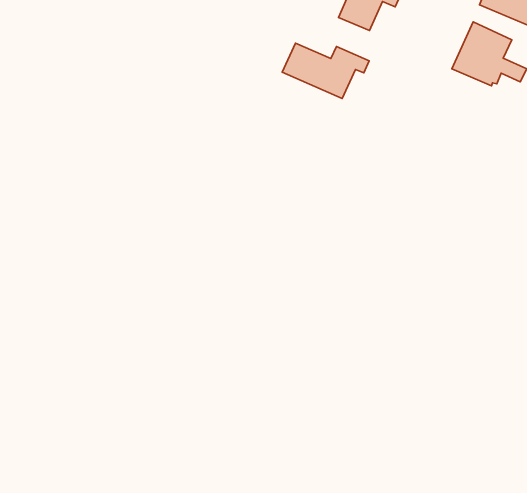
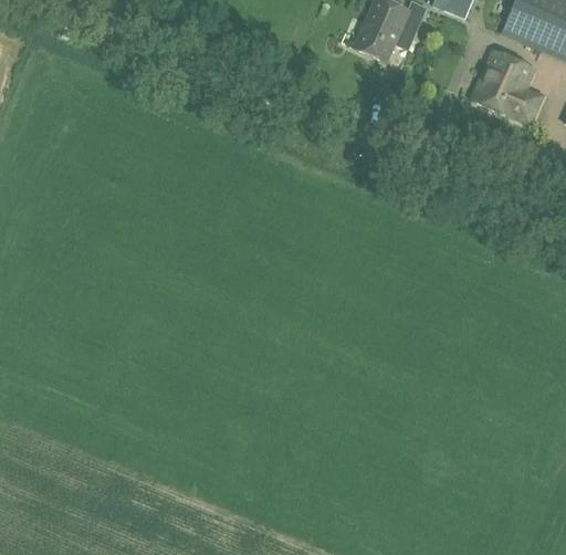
building: [282,43,369,98] -> none

